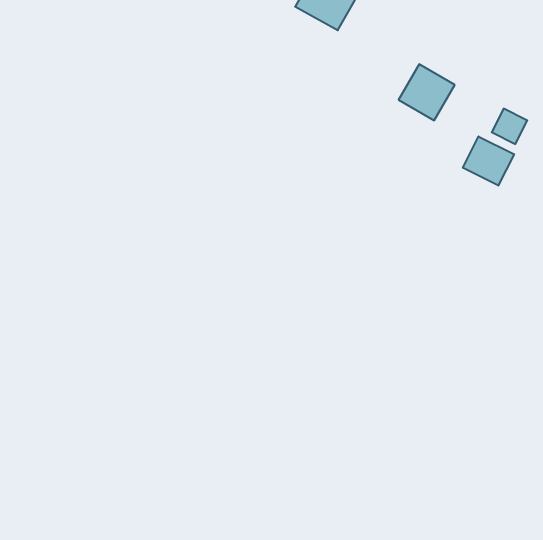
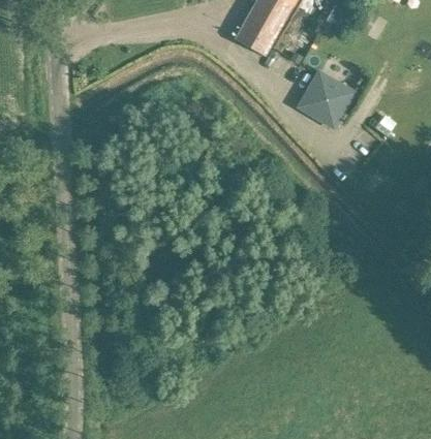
building: [463,136,514,186] -> none

